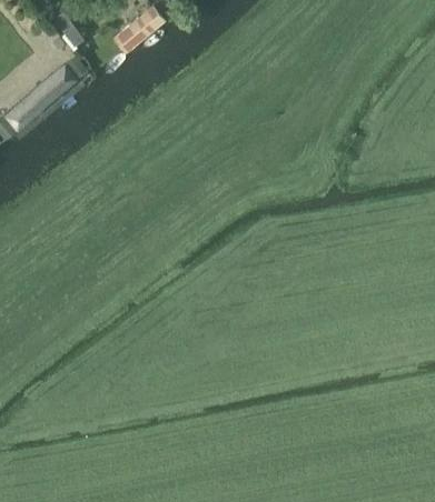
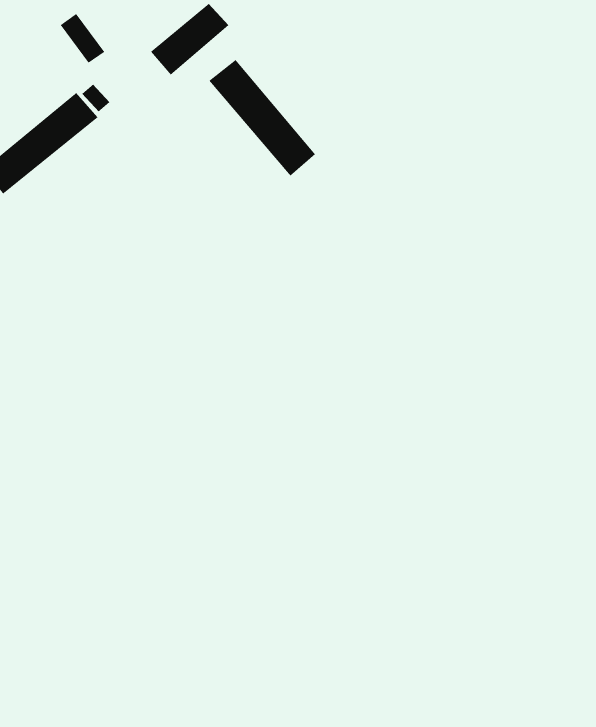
building: none -> [209,59,316,176]

